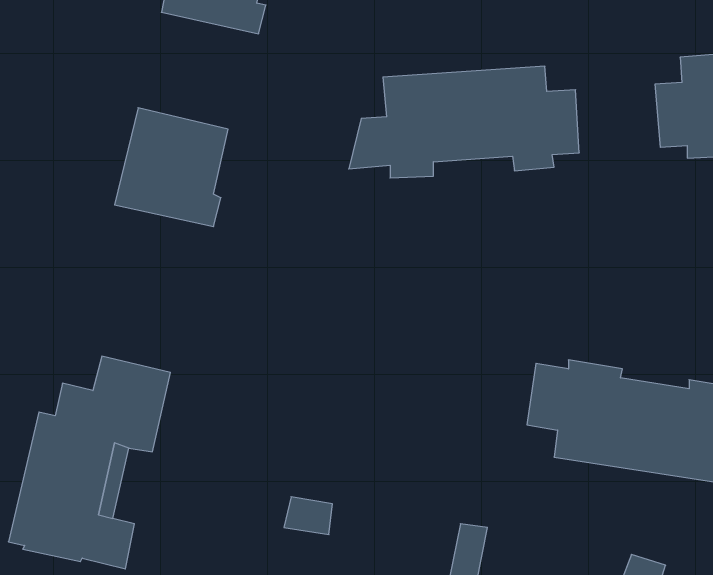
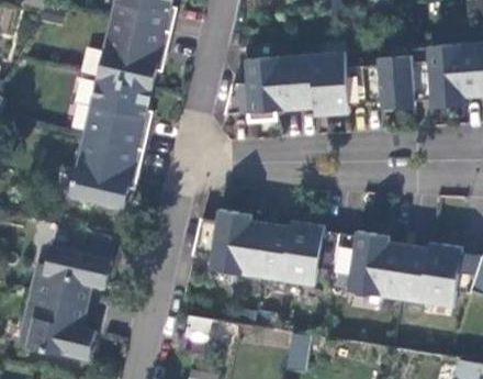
building: none -> [96,20,169,91]
building: none -> [362,56,414,109]
building: none -> [67,137,142,209]
building: none -> [191,210,338,286]

